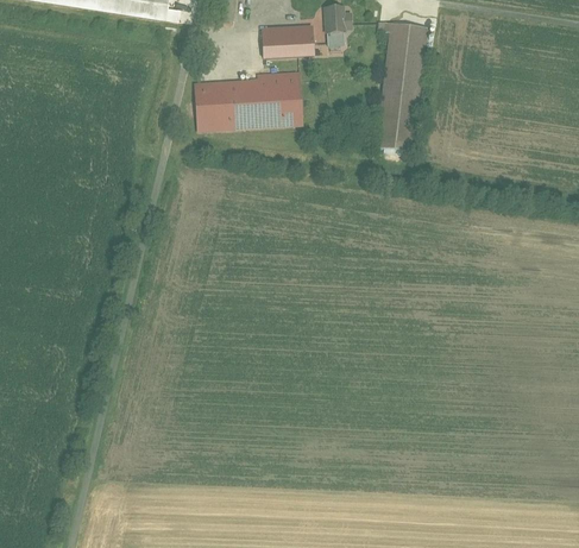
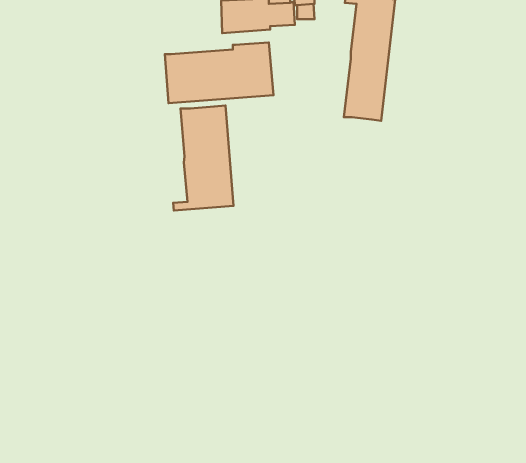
building: none -> [173,106,233,211]

